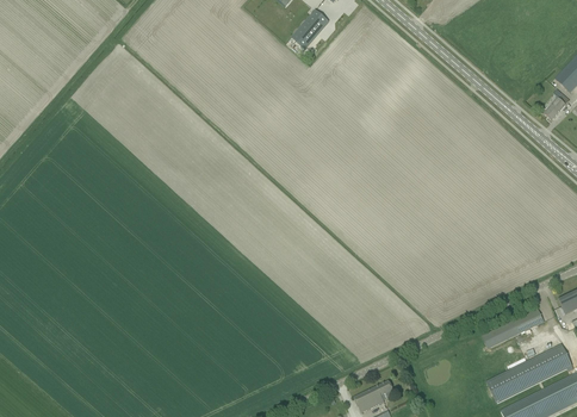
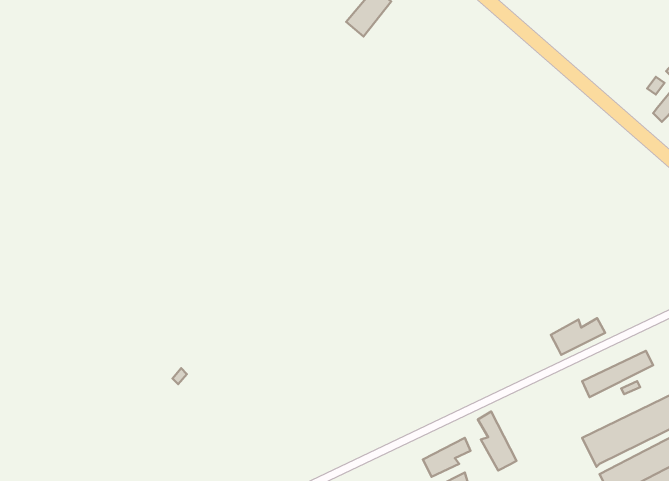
building: none -> [551,318,605,355]
building: none -> [478,411,517,471]

